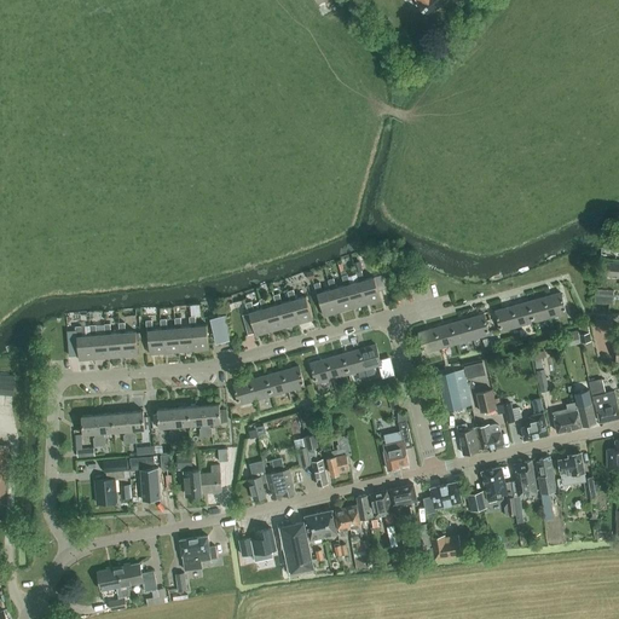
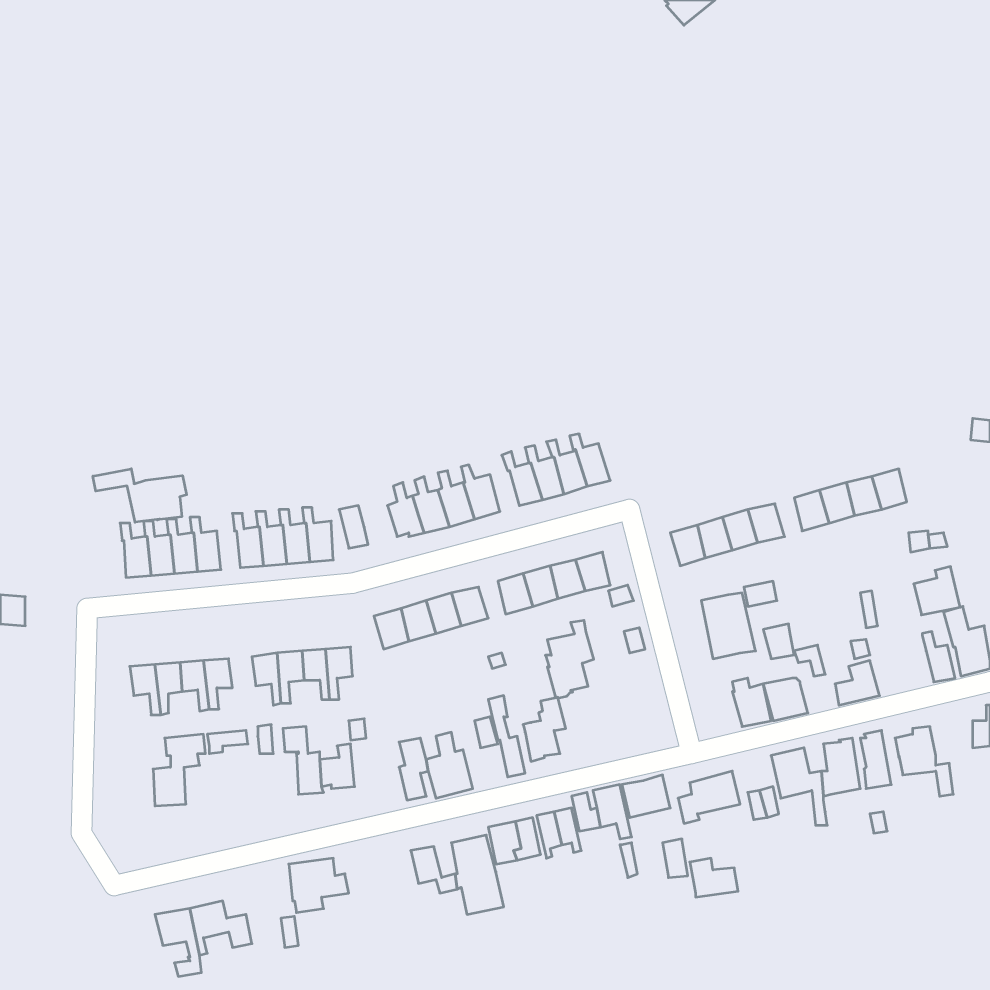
building: none -> [93,469,187,522]
building: [553,401,582,432] -> [914,567,960,615]
building: [382,422,412,470] -> [545,620,594,698]
building: [140,468,160,499] -> none

